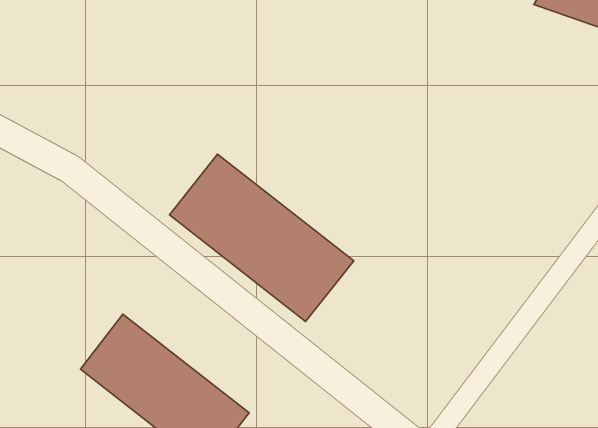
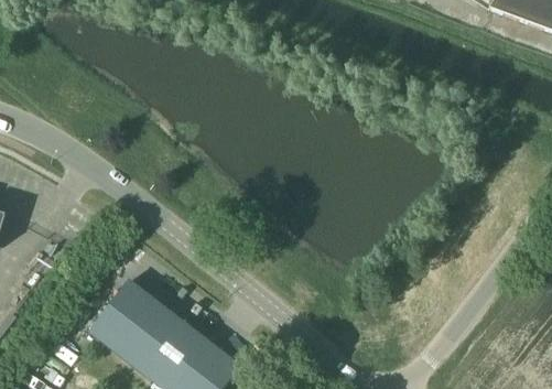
building: [169,154,354,322] -> none

